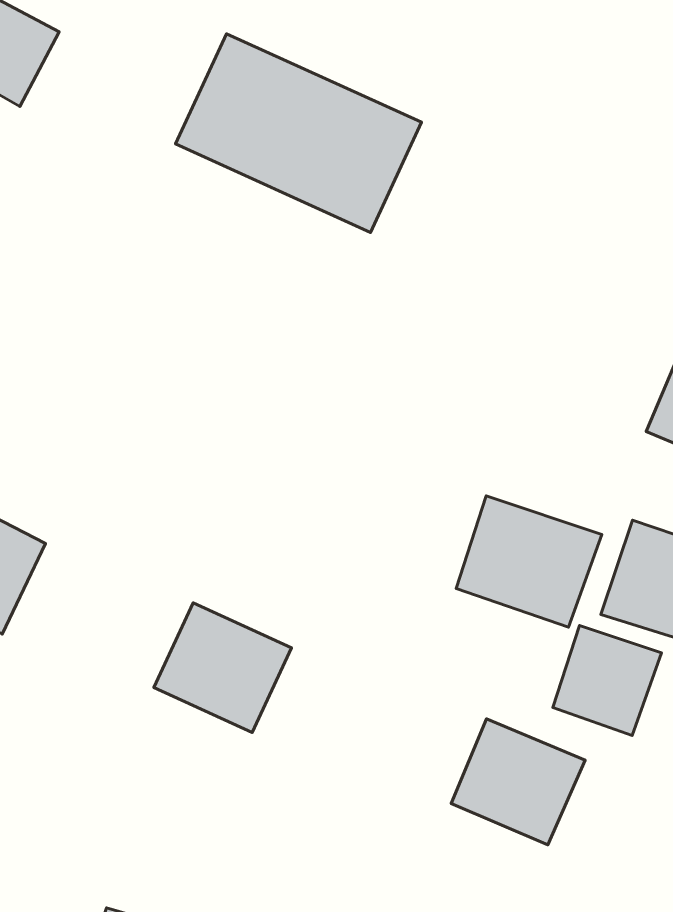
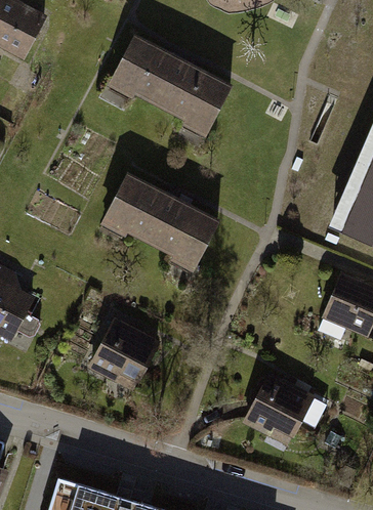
building: none -> [89,163,209,268]
building: [456,496,602,627] -> none
building: [553,625,661,735] -> none

